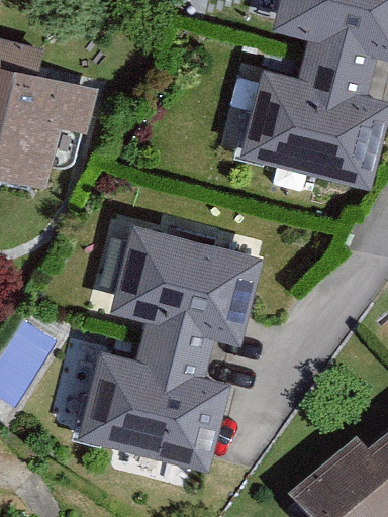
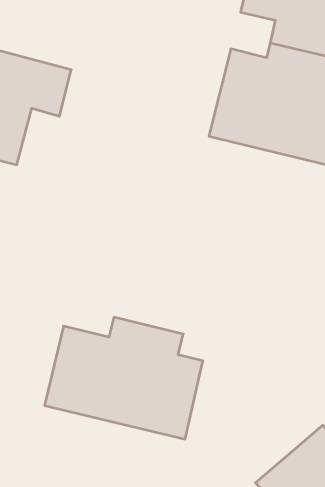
building: [111,225,258,358] -> none

